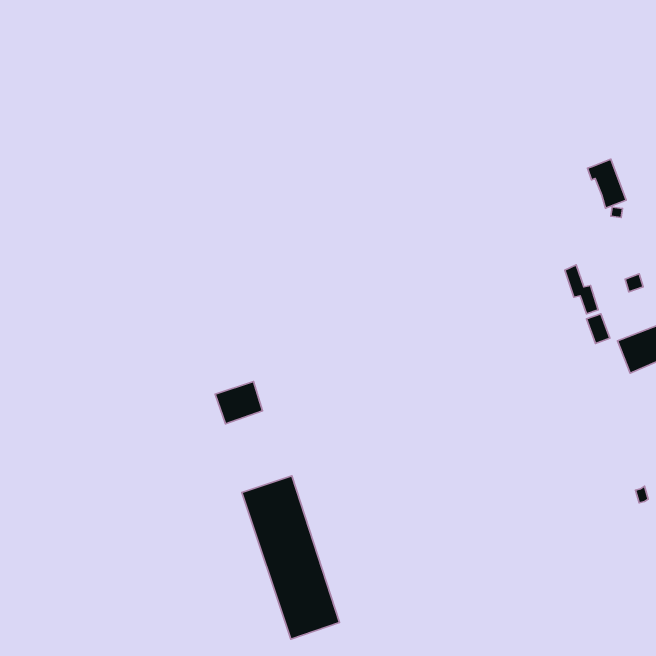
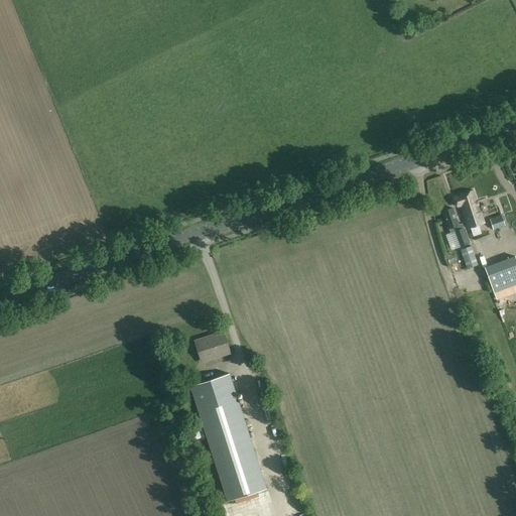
building: [588,159,626,208] -> [455,191,485,230]
building: [215,381,263,424] -> [195,331,232,364]

